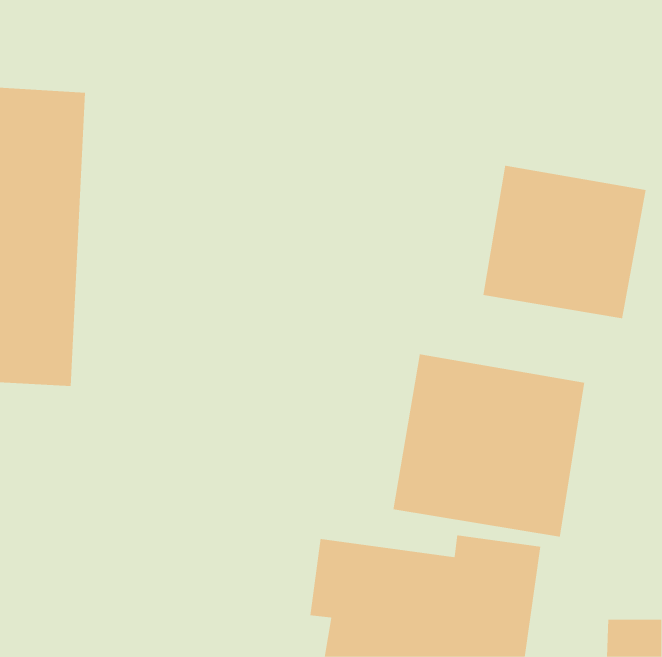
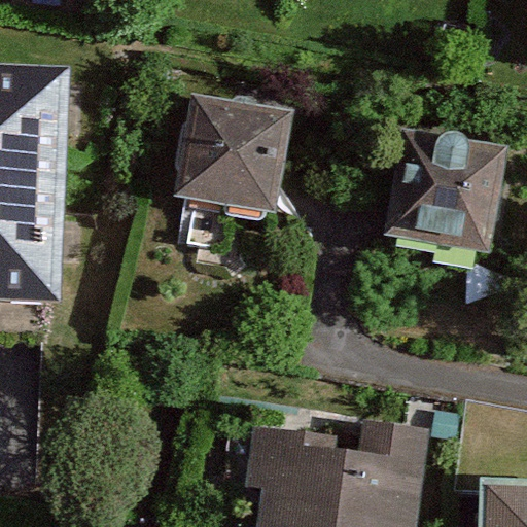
building: none -> [173,103,292,222]
building: [393,353,585,538] -> none

